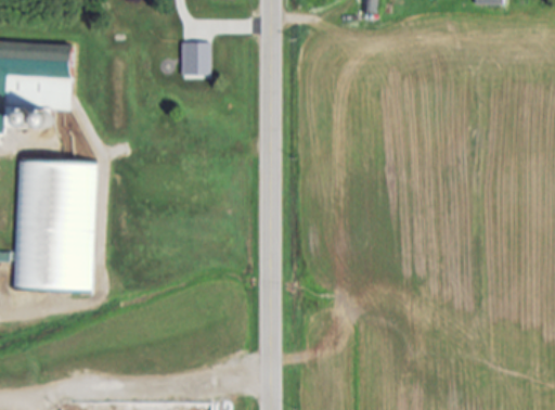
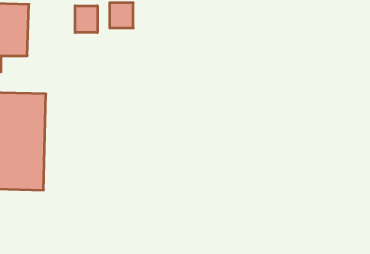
building: none -> [75,6,97,33]

